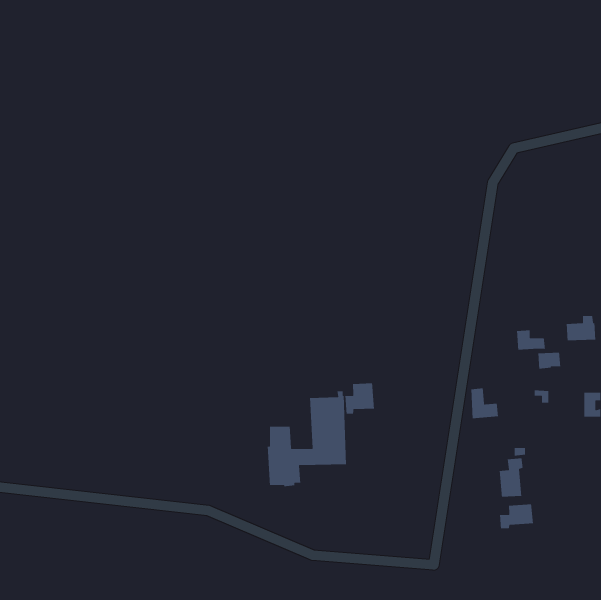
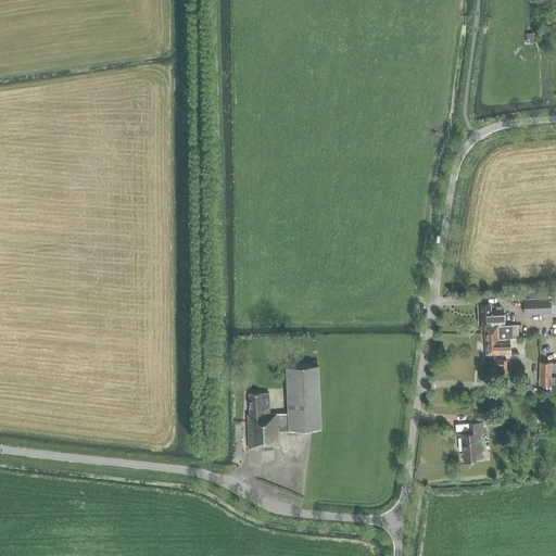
building: [345,382,375,415] -> none
building: [471,388,499,419] -> [484,327,510,356]
building: [499,504,534,529] -> none

